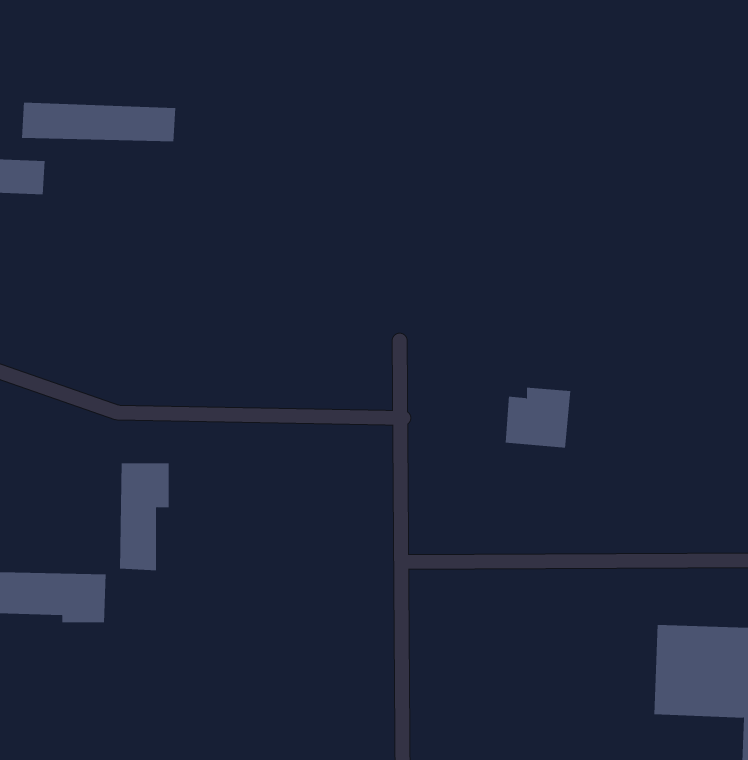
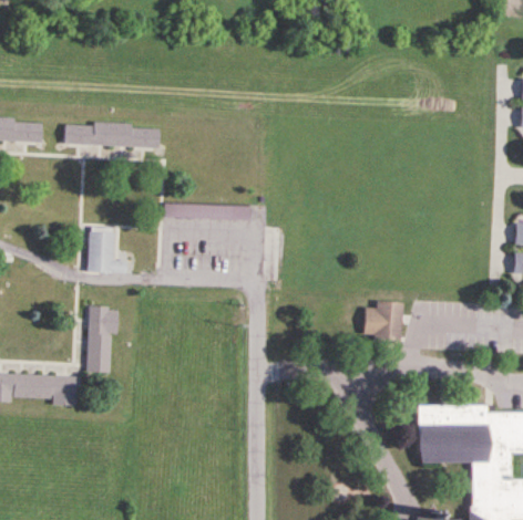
building: [21,102,176,142] -> [64,123,160,147]
building: none -> [88,228,126,273]
building: [505,387,571,448] -> [362,301,403,339]

